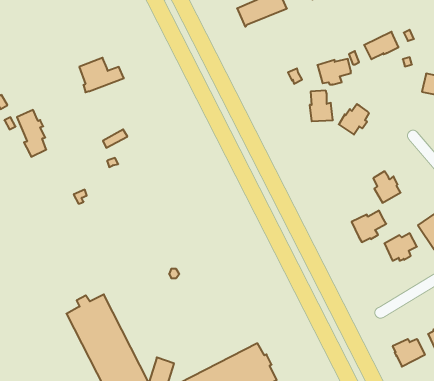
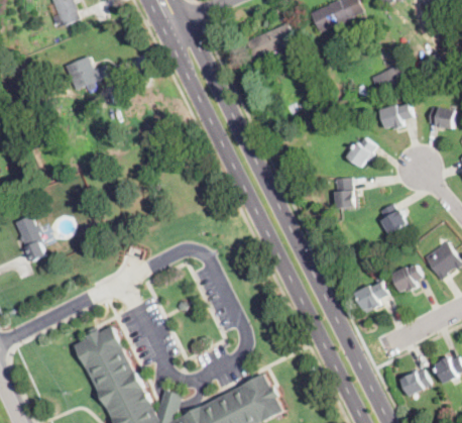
building: [79,58,124,92] -> [66,56,110,90]
building: [317,59,351,84] -> [380,103,414,128]
building: [310,91,333,121] -> [335,177,358,207]
building: [17,110,46,157] -> [15,215,44,261]
building: [352,211,386,242] -> [355,281,389,312]

